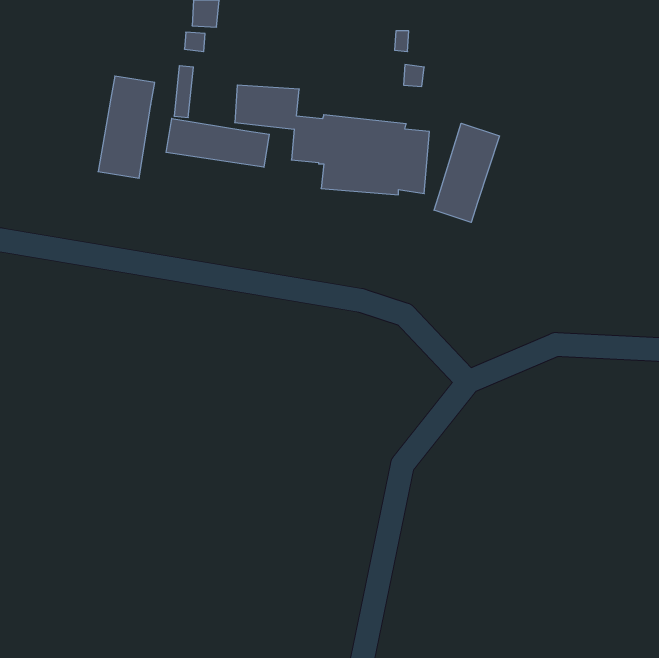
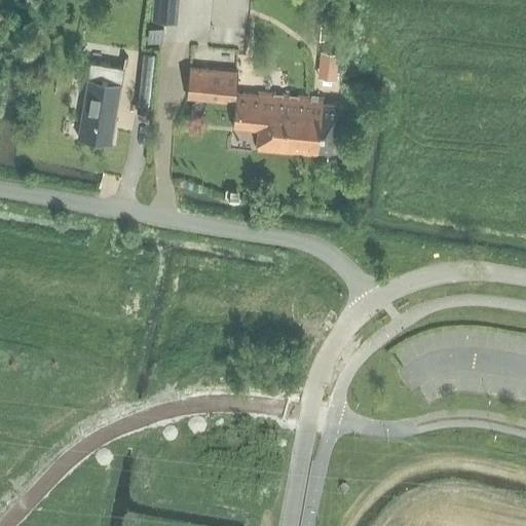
building: [166,118,269,167] -> none
building: [434,123,499,222] -> none

